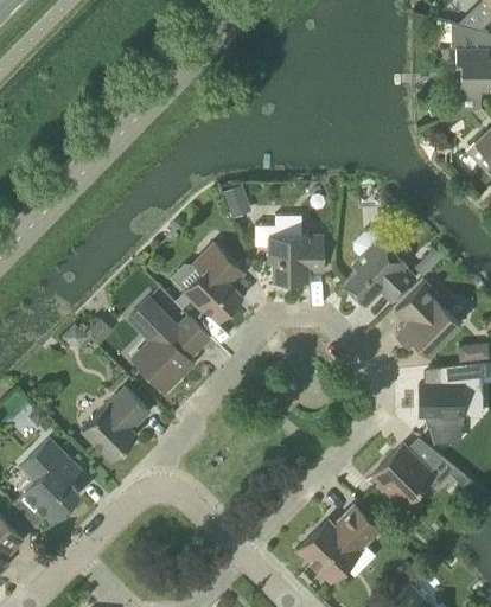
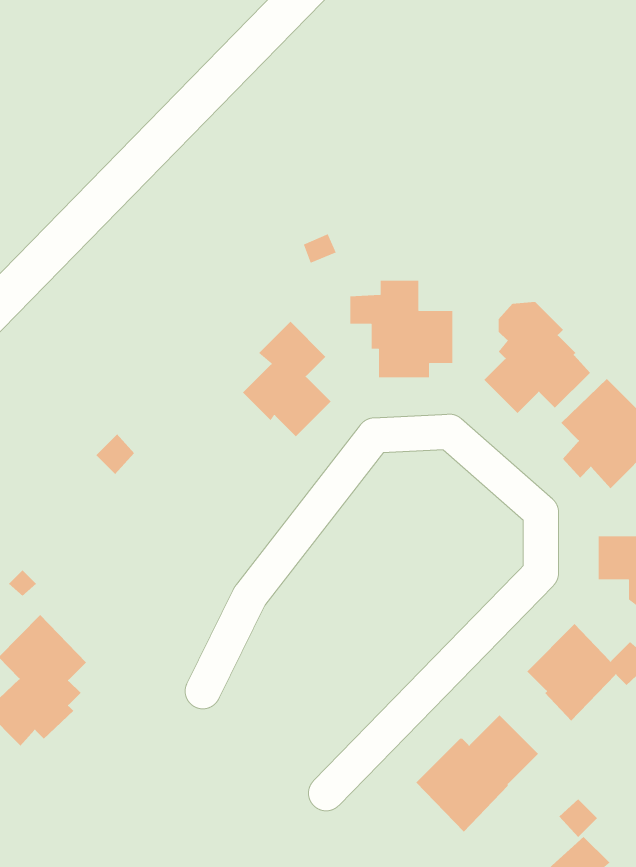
building: [129,298,210,391] -> none
building: [82,386,149,460] -> none

